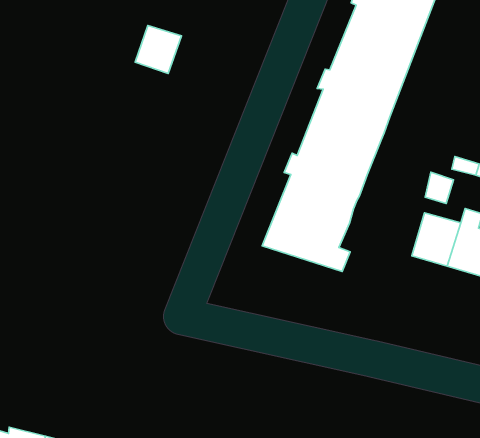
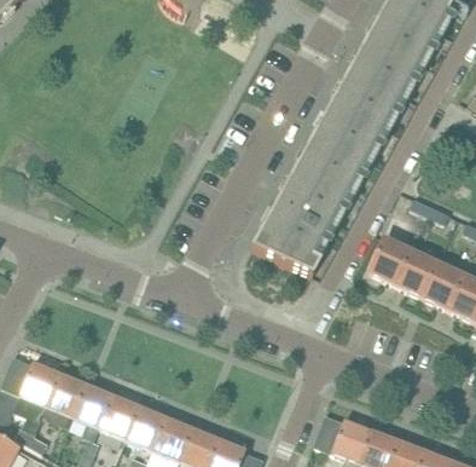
building: [135,26,182,74] -> none

